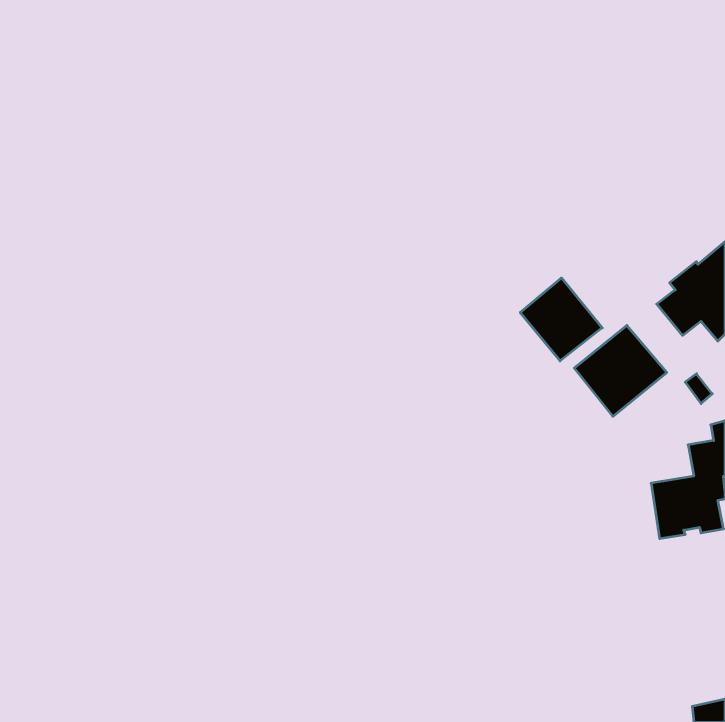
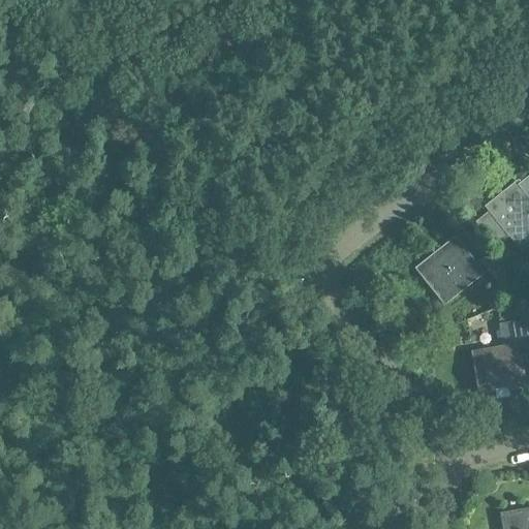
building: [520,278,602,361] -> none

